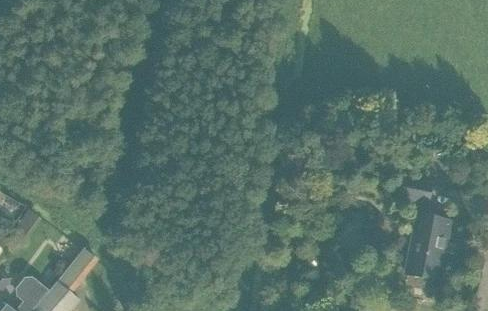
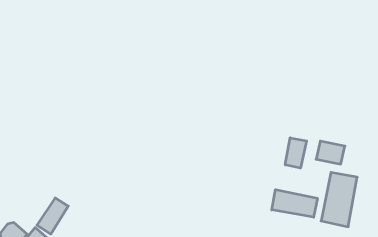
building: none -> [285,138,307,168]
building: none -> [272,190,317,217]

